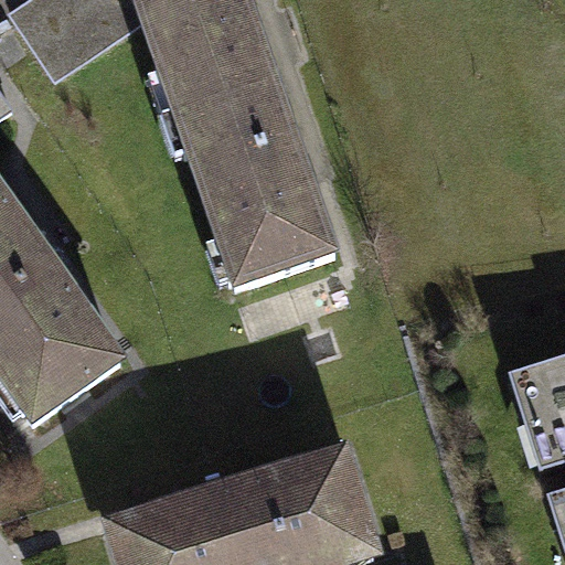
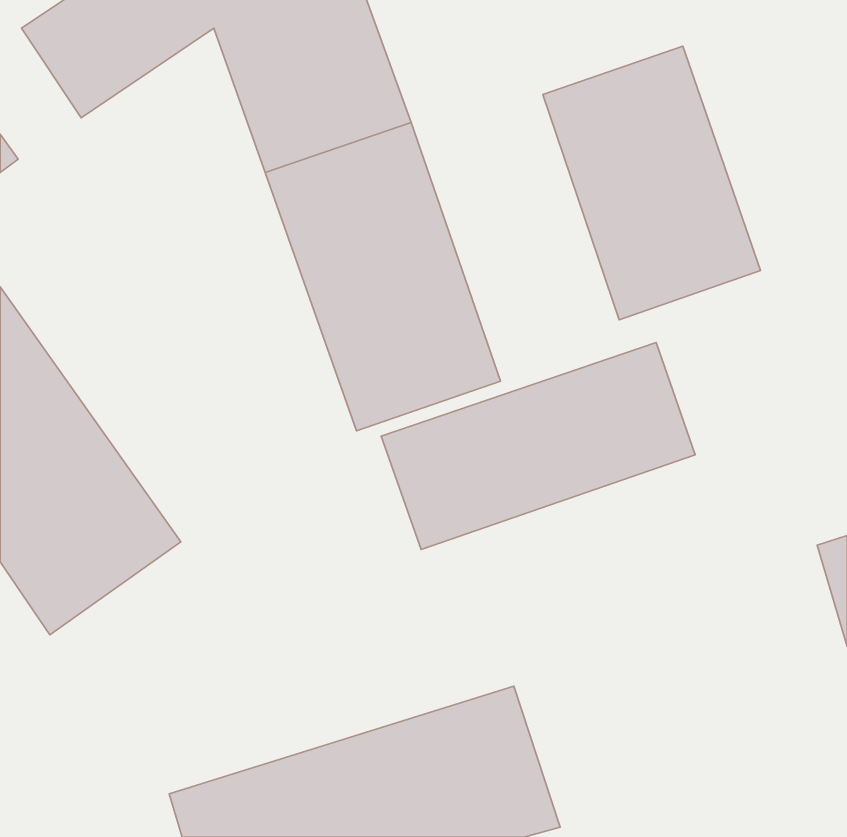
building: none -> [543,46,761,320]
building: none -> [381,342,695,550]

